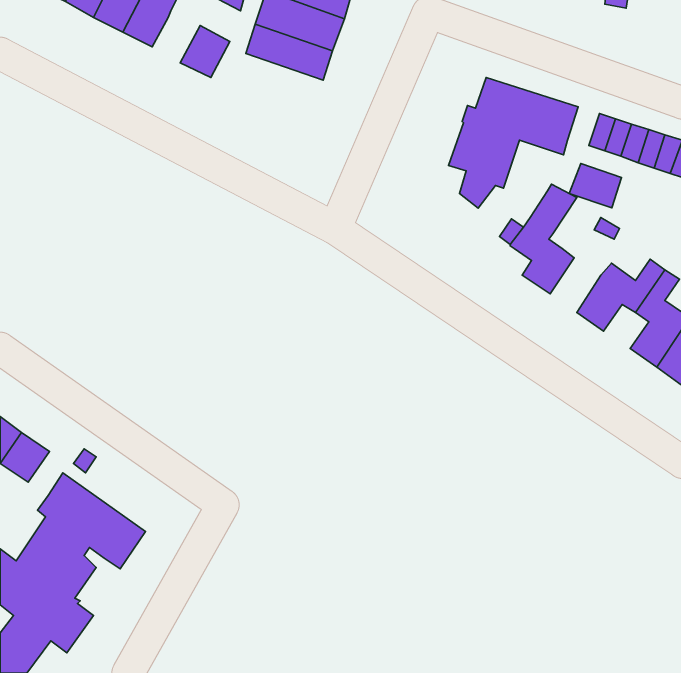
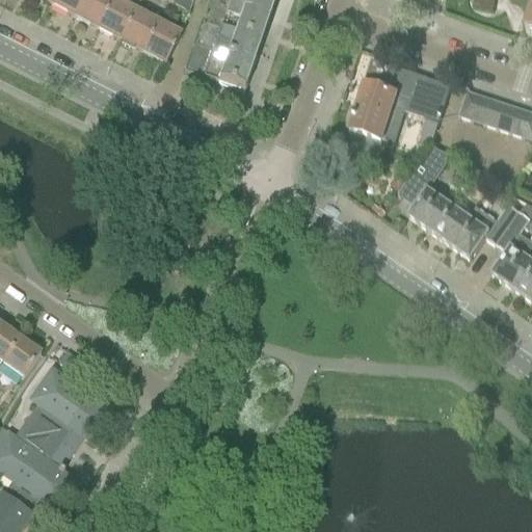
building: none -> [119,8,157,49]
building: none -> [184,42,252,87]
building: [569,164,622,208] -> none
building: none -> [429,201,469,243]

